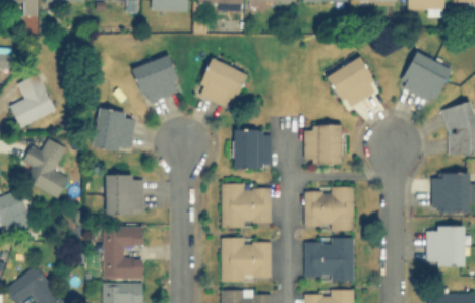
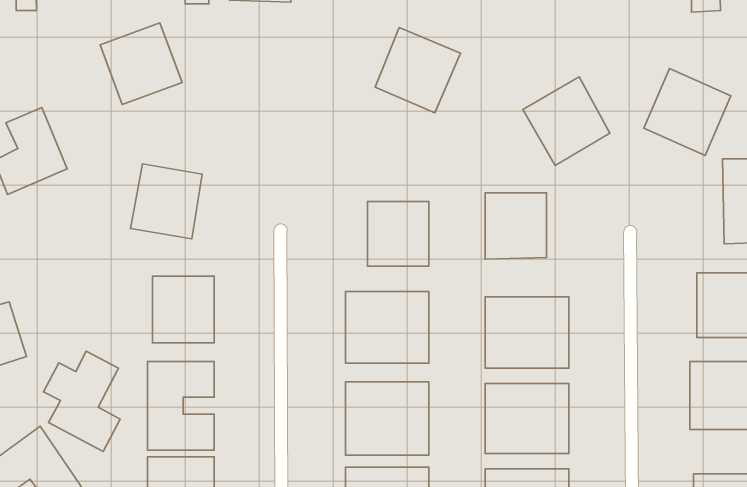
building: [132,55,181,104] -> [100,23,182,105]
building: [196,58,247,109] -> [375,28,461,113]
building: [22,138,68,198] -> [43,351,120,452]

